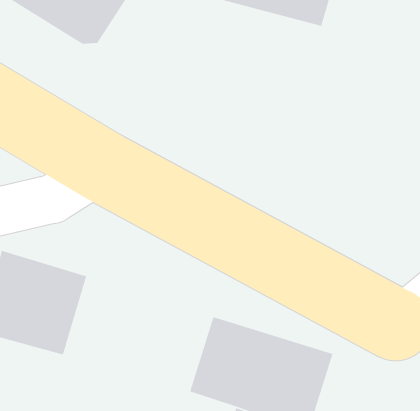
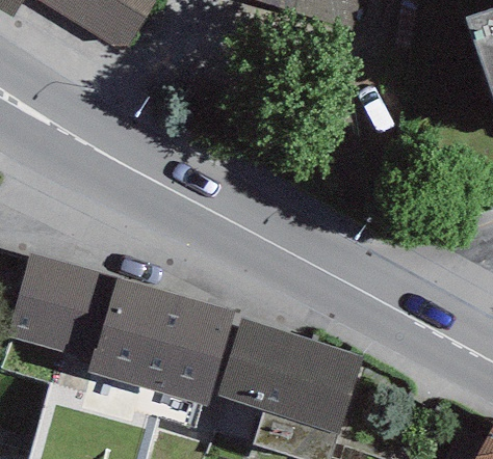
building: none -> [87,277,233,406]

